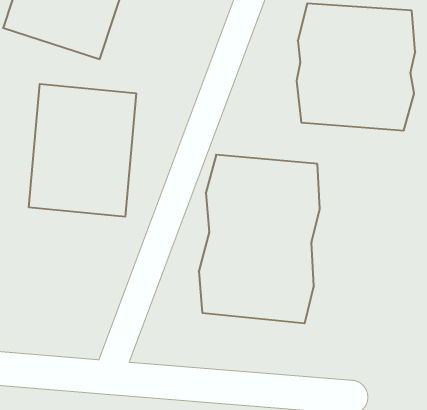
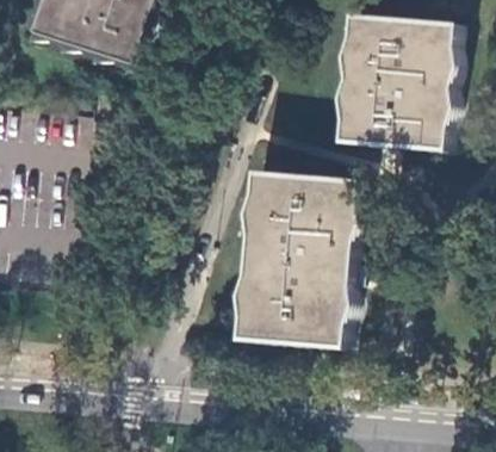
building: [29,84,136,217] -> none

